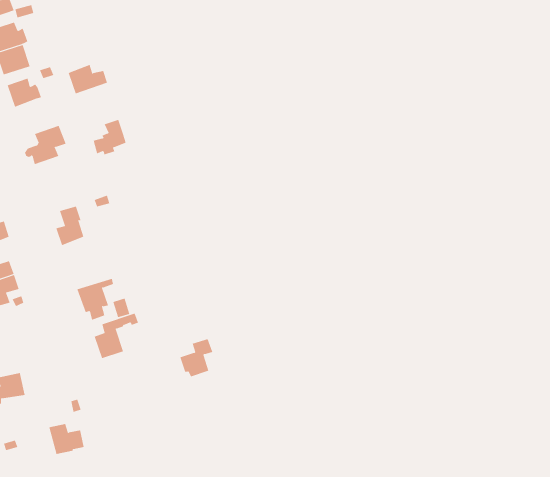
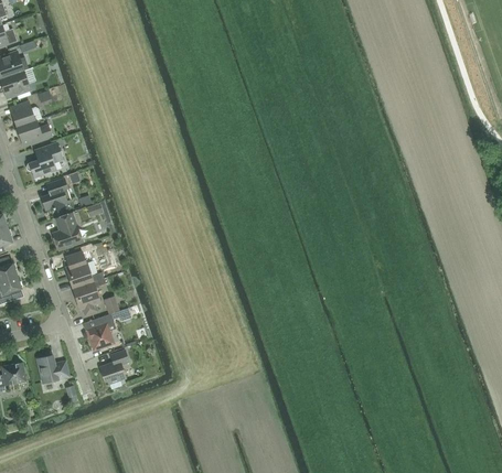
building: [68,64,108,94] -> [17,119,52,146]
building: [93,119,126,155] -> [41,178,71,209]
building: none -> [65,251,104,288]
building: [179,339,213,377] -> [99,350,129,384]
building: [49,423,85,455] -> [36,355,68,383]

